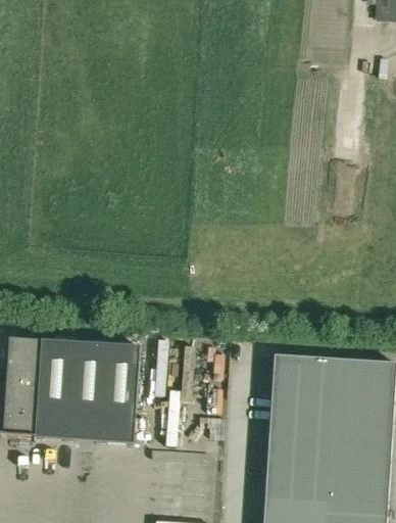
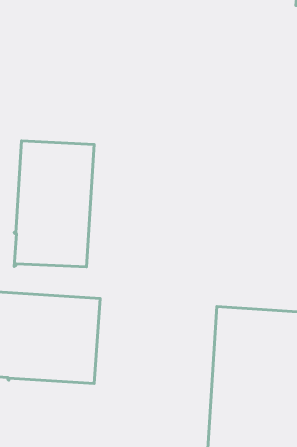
building: none -> [14,141,94,267]

